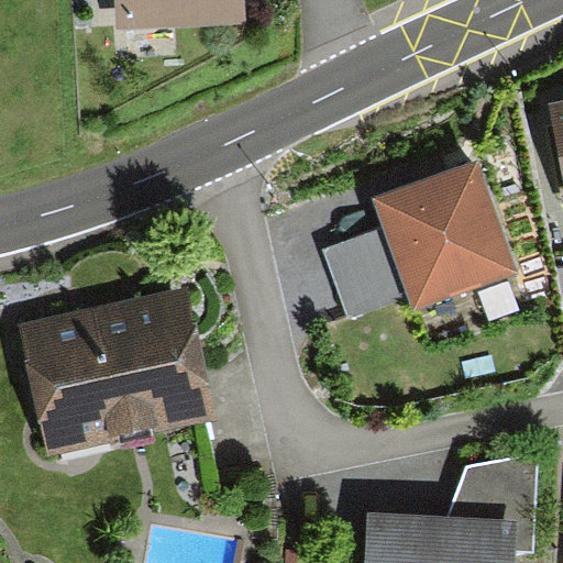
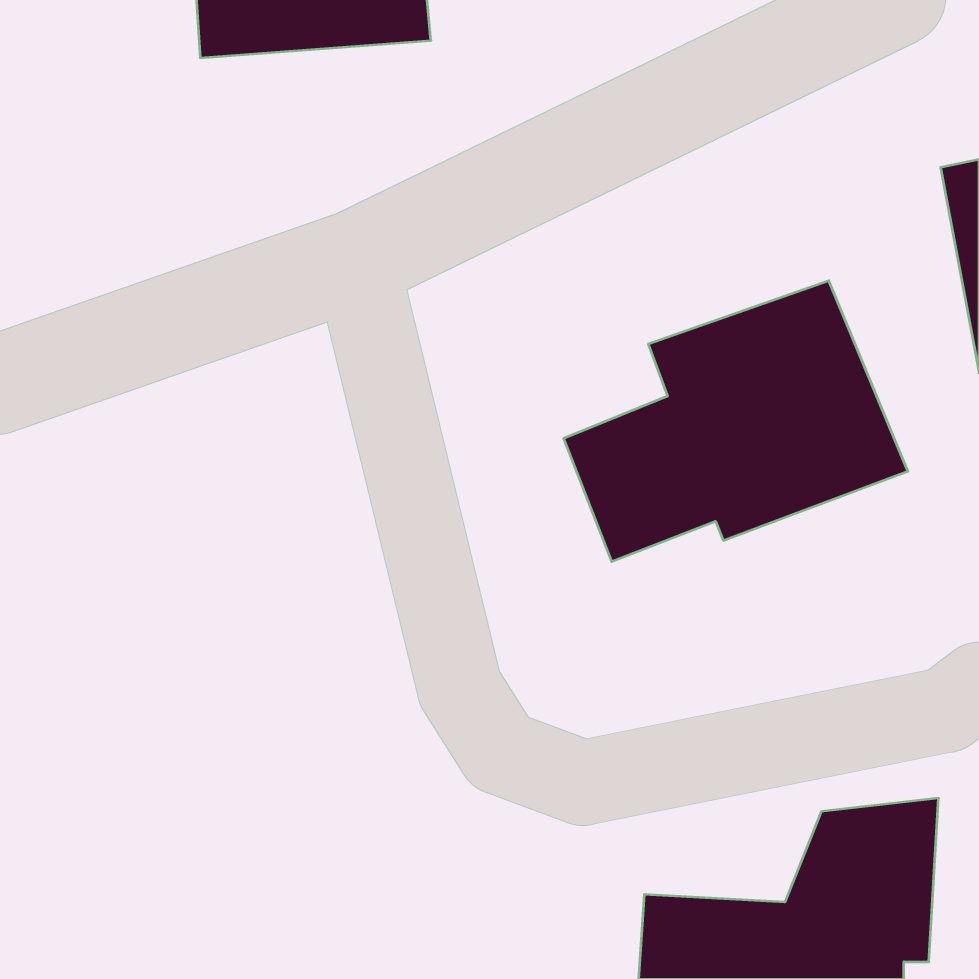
building: [21,300,213,453] -> none

